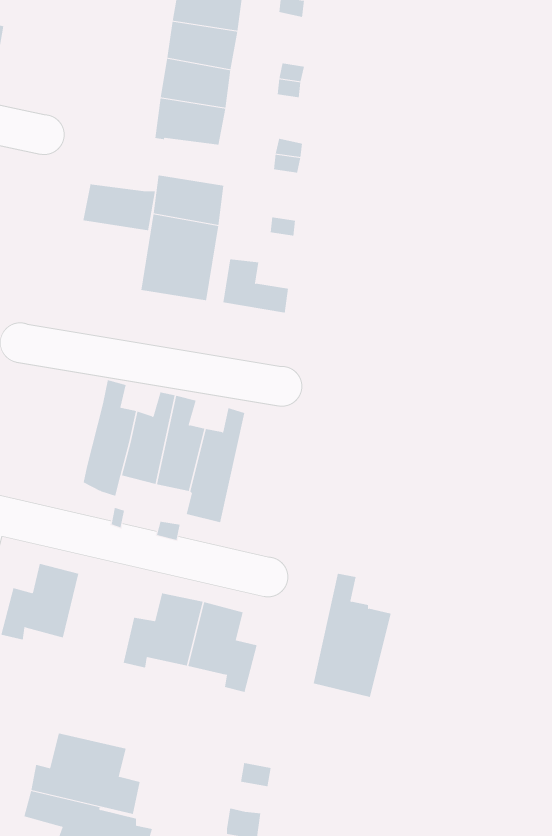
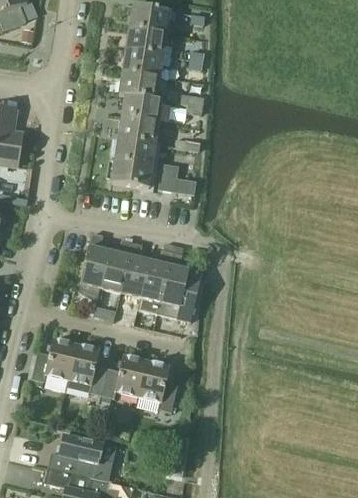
building: [82,184,156,231] -> [121,94,163,121]
building: [313,573,391,697] -> [157,251,202,322]
building: none -> [66,343,107,394]

